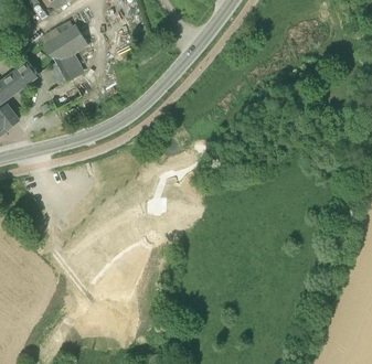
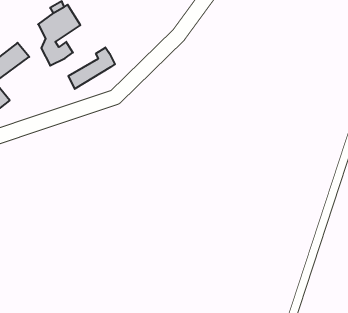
building: none -> [68,47,115,89]

